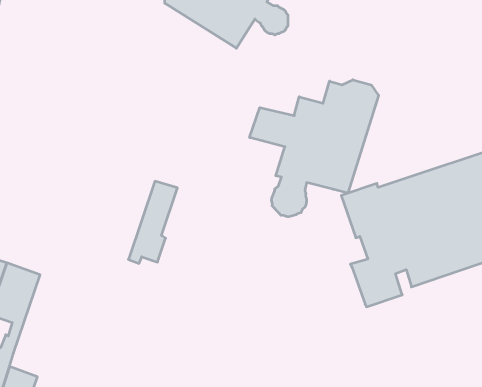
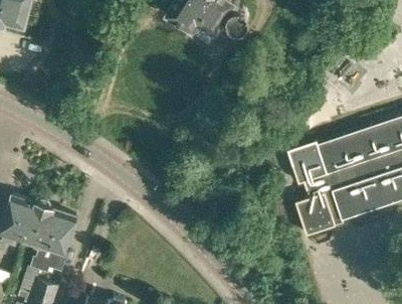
building: [250,80,379,217] -> none
building: [128,181,177,263] -> [40,211,77,274]

